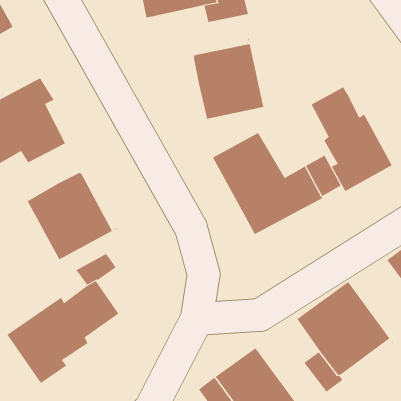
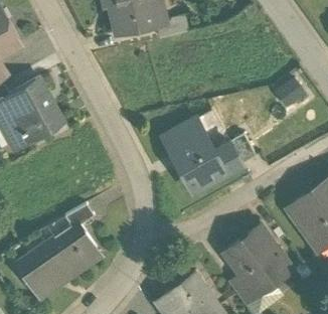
building: [193,38,264,120] -> none
building: [311,86,393,192] -> none
building: [27,172,117,260] -> none

